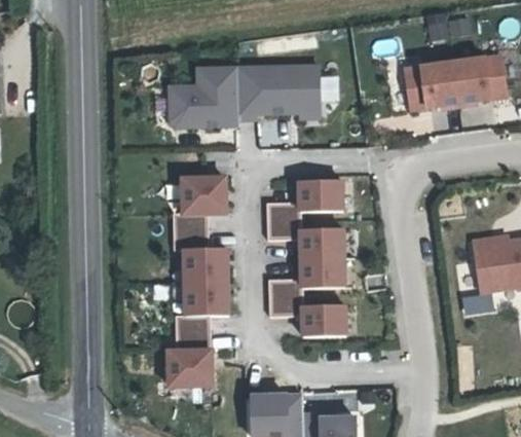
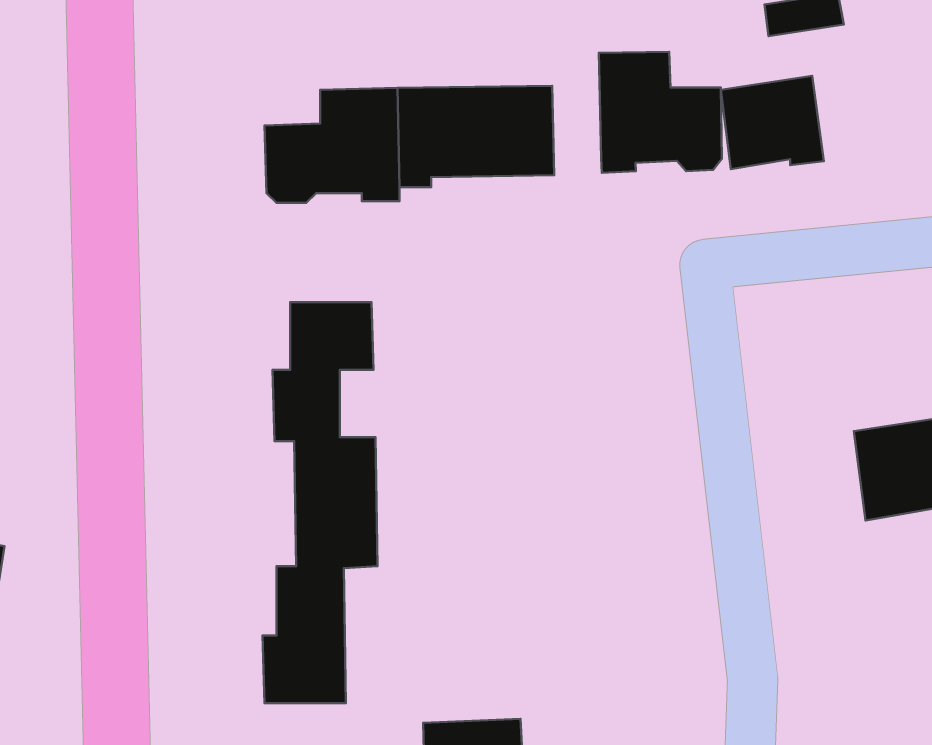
building: none -> [599,52,722,173]
building: [452,54,506,105] -> none
building: [266,180,345,336] -> none

